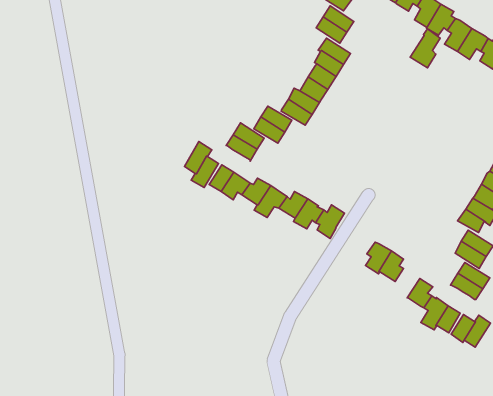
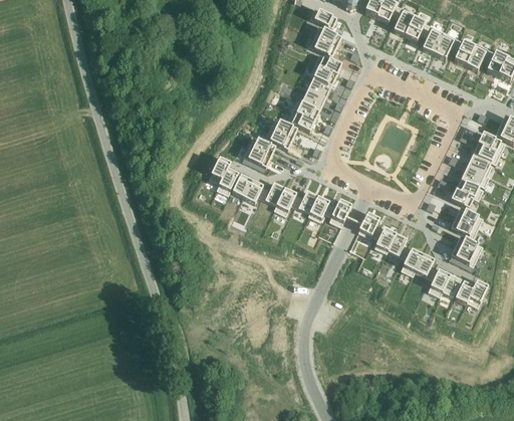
building: [410,29,440,68] -> none
building: none -> [357,212,380,238]
building: none -> [401,246,423,276]

